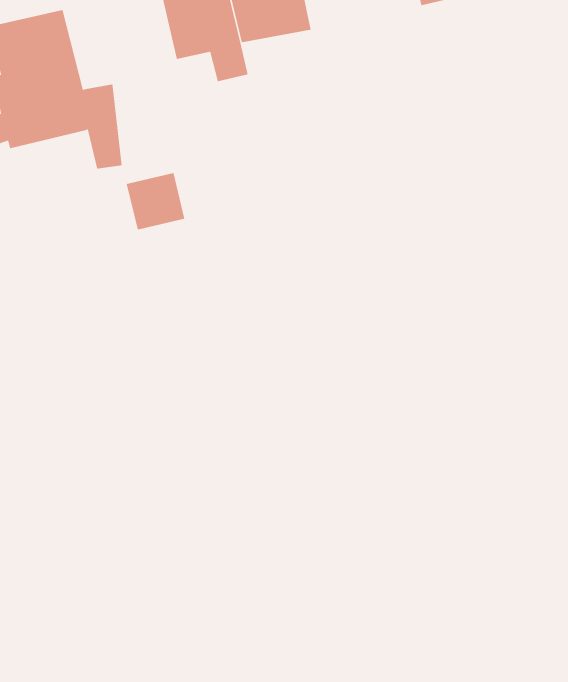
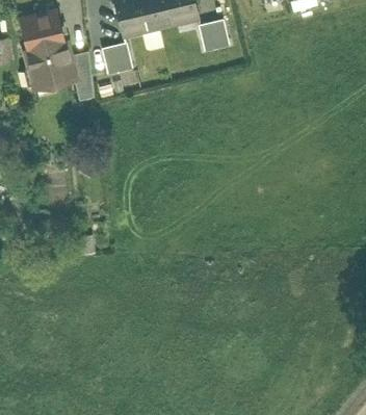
building: none -> [199,20,230,53]
building: [126,173,185,230] -> [100,43,133,75]

